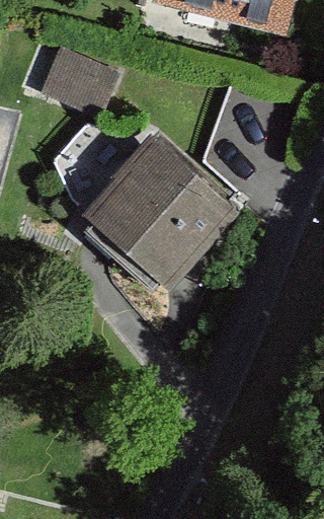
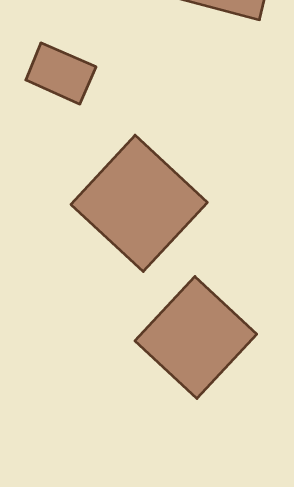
building: none -> [135,276,257,399]

